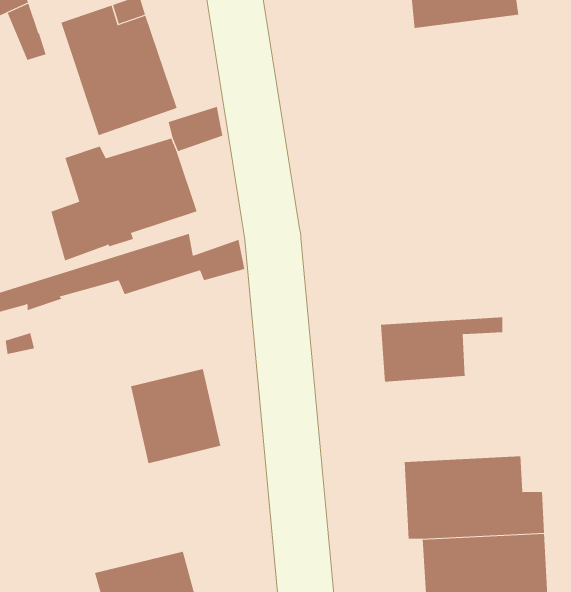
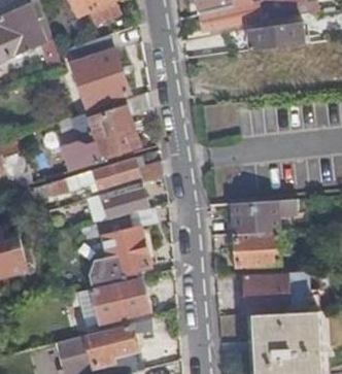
building: none -> [88,182,149,219]
building: none -> [235,232,279,270]
building: none -> [76,277,150,325]

